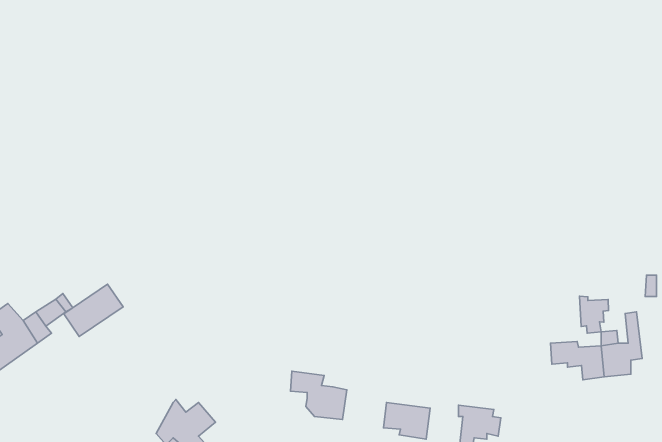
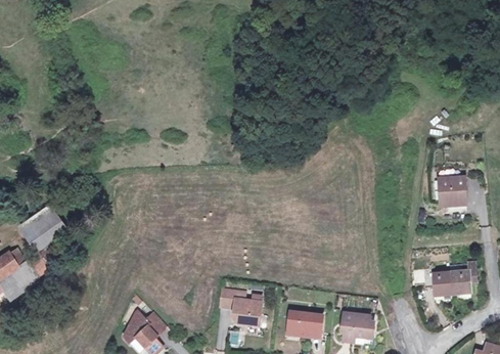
building: none -> [437,173,464,202]
building: [64,284,123,336] -> [24,208,66,246]
building: [579,296,609,333] -> none

